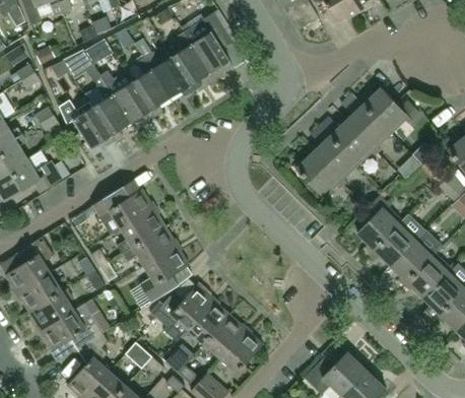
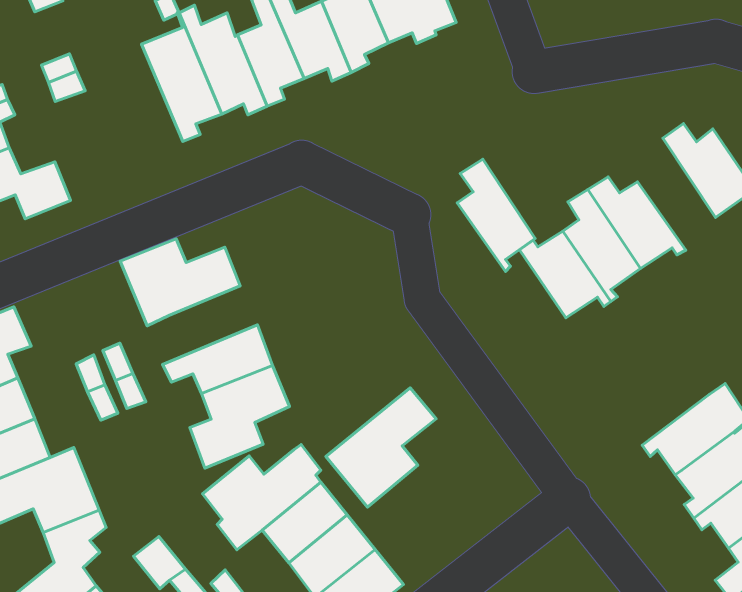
building: [346,96,390,151] -> [457,159,535,271]
building: [59,98,114,148] -> none
building: [358,197,402,254] -> none
building: [118,208,168,255] -> none
building: none -> [326,388,436,507]

